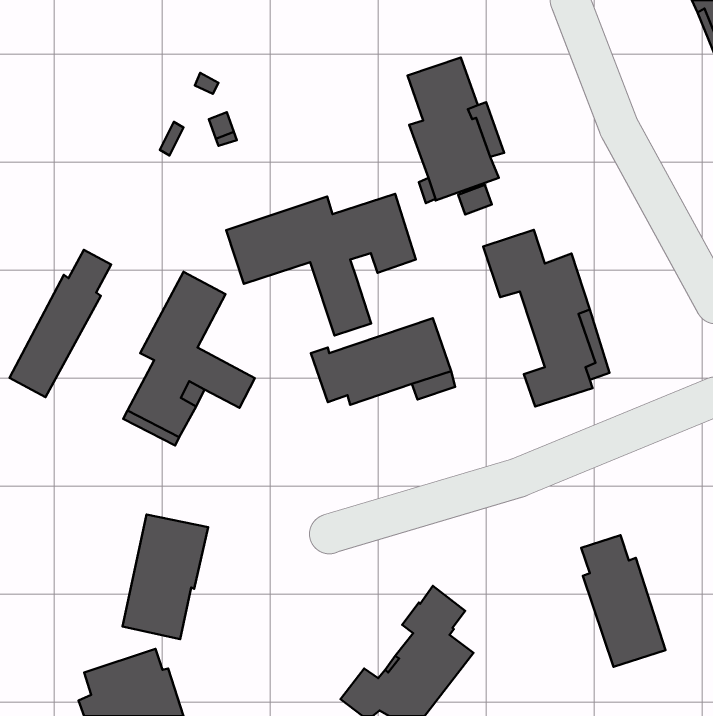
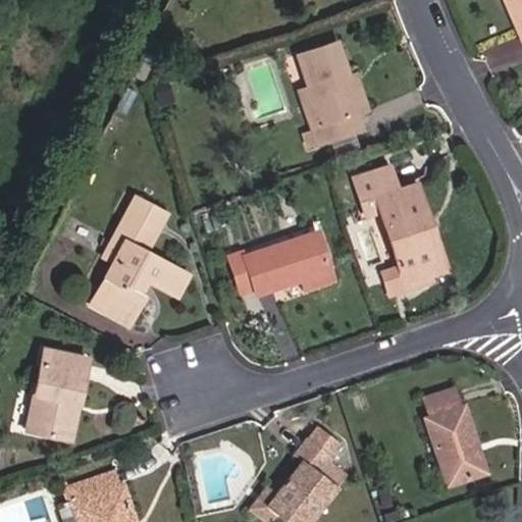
building: [226,194,416,335] -> none
building: [9,250,111,397] -> none
building: [123,515,208,639] -> [27,350,89,440]

